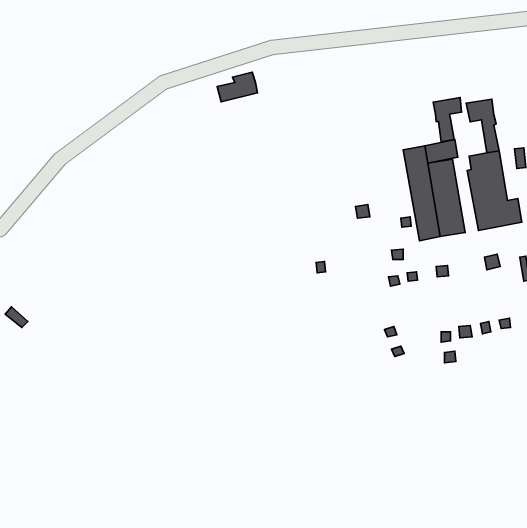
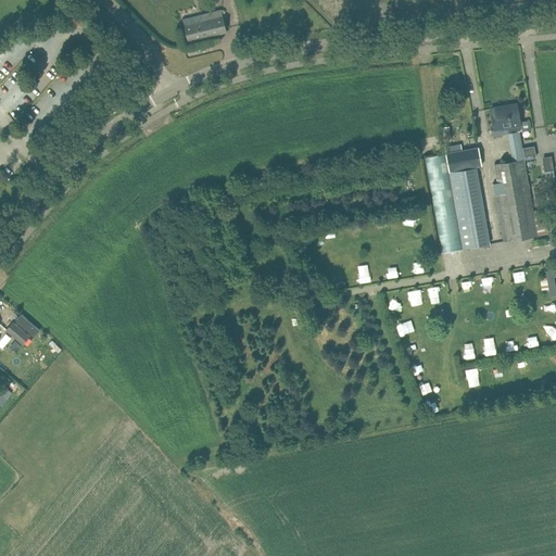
building: [217,72,257,102] -> [185,10,227,41]
building: [433,98,462,142] -> none

